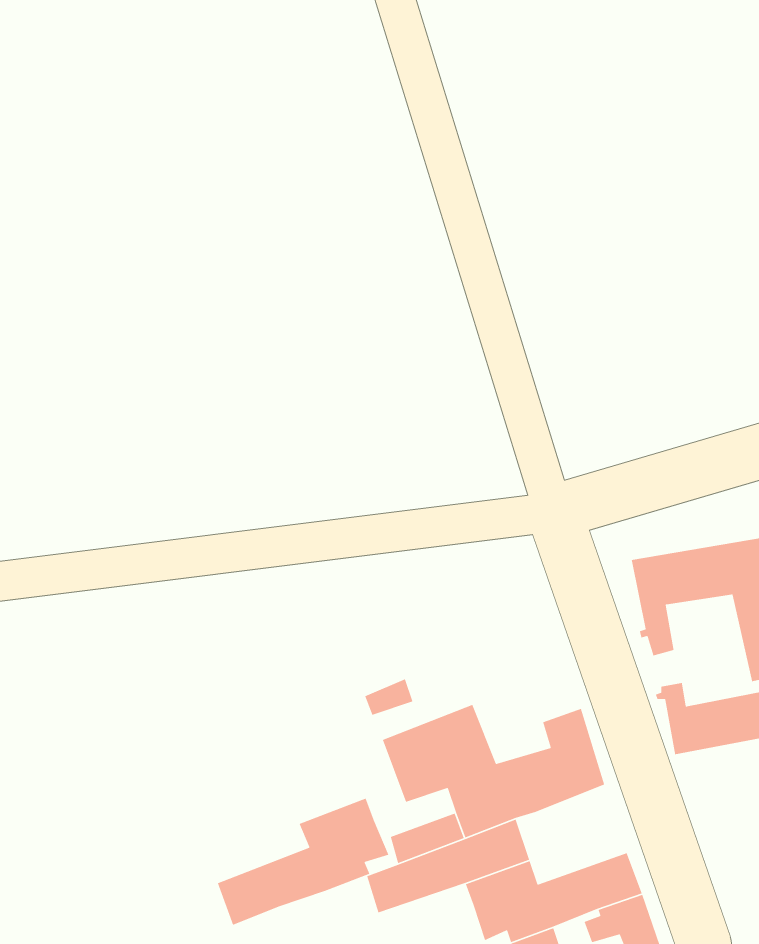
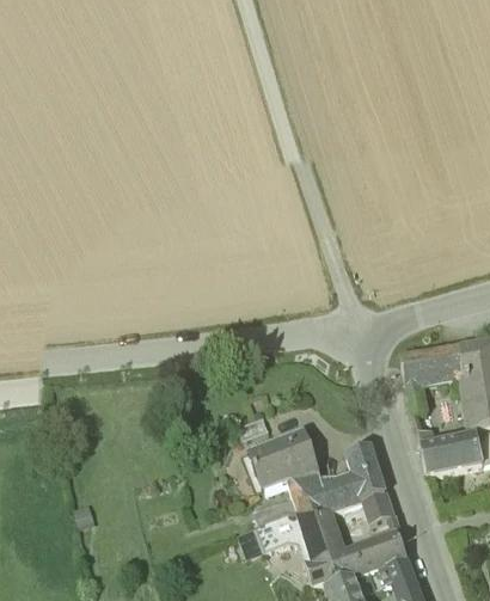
building: none -> [343,489,393,521]
building: [217,798,389,926] -> none

